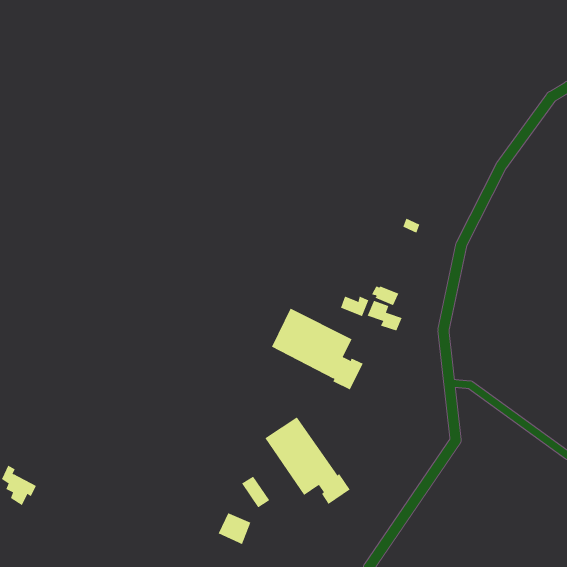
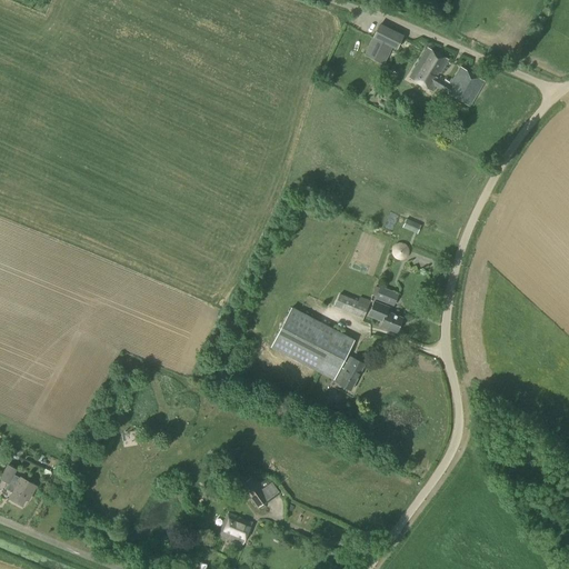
building: none -> [370,26,403,57]
building: none -> [410,48,485,107]
building: [265,416,351,505] -> none

